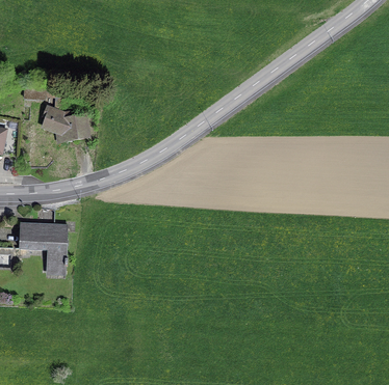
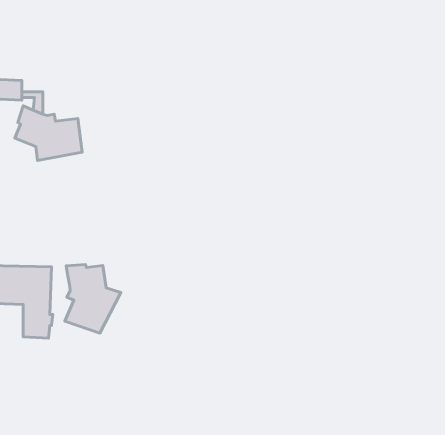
building: none -> [65,265,121,333]

